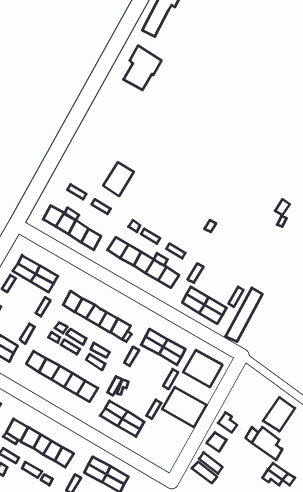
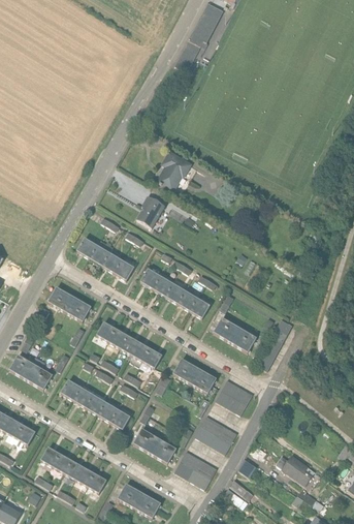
building: [123,46,161,90] -> [155,149,192,192]
building: [263,397,295,431] -> none
building: none -> [174,450,218,489]

